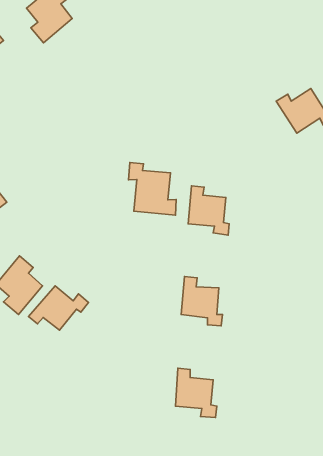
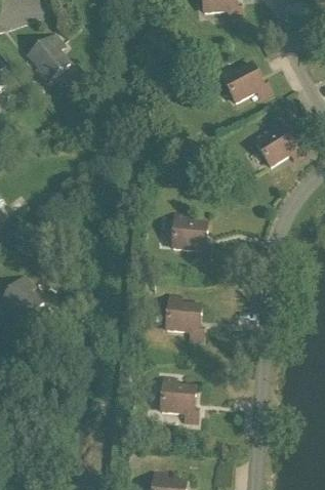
building: none -> [219,64,271,101]
building: [128,163,176,215] -> none
building: [29,286,89,330] -> none

